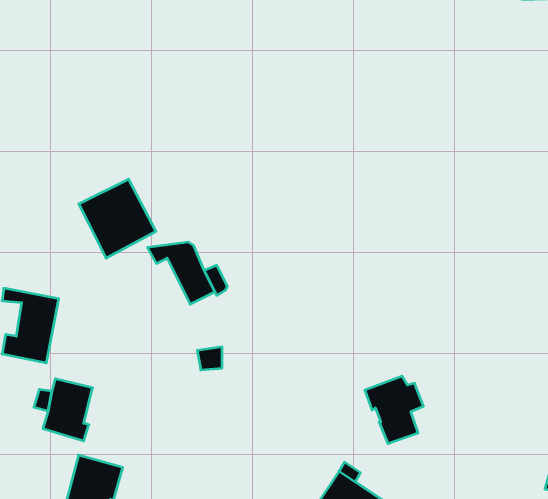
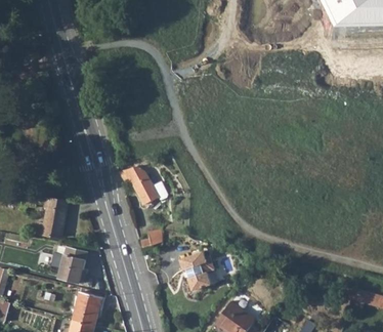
building: [79,179,156,258] -> none
building: [365,376,423,444] -> [180,253,214,292]

